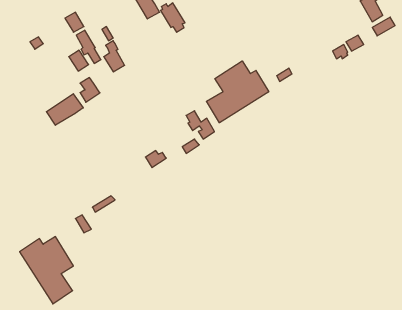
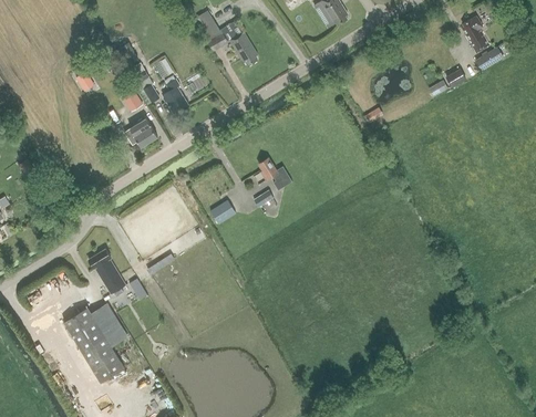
building: [206,61,269,123] -> none
building: [46,94,83,125] -> none
building: none -> [87,249,125,294]

